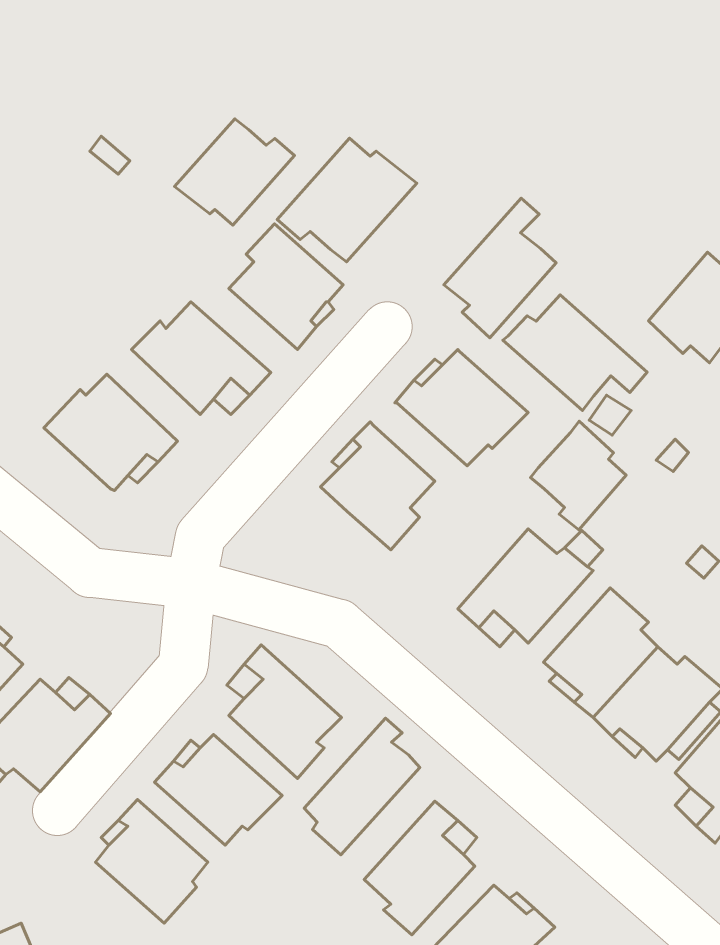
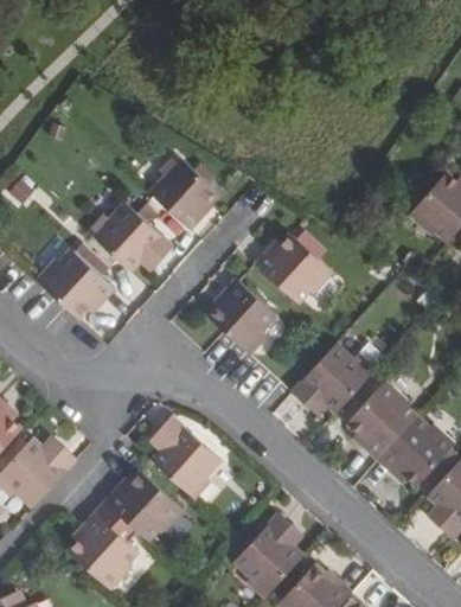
building: [175,119,295,225] -> none
building: [277,138,417,262] -> none
building: [444,198,556,338] -> none
building: [503,295,647,410] -> none
building: [531,421,626,530] -> none
building: [304,718,420,855] -> none

